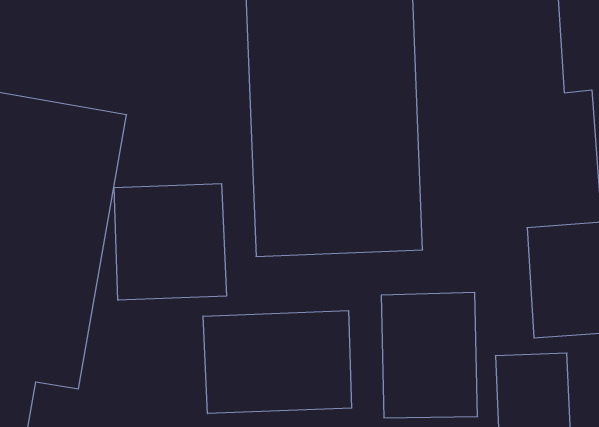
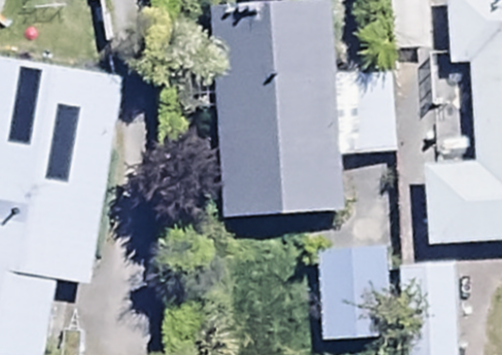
building: [114,184,226,300] -> none
building: [203,311,352,414] -> none

